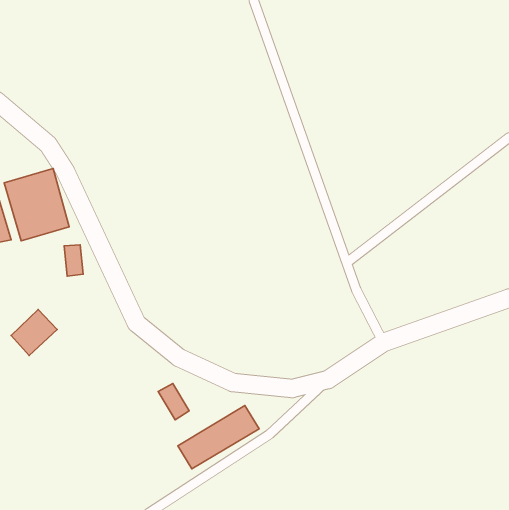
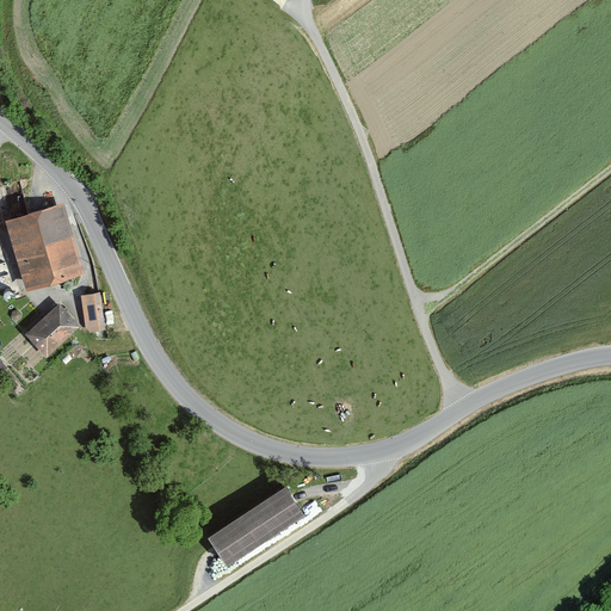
building: [11,309,57,356] -> [21,303,76,358]
building: [158,383,189,420] -> none

